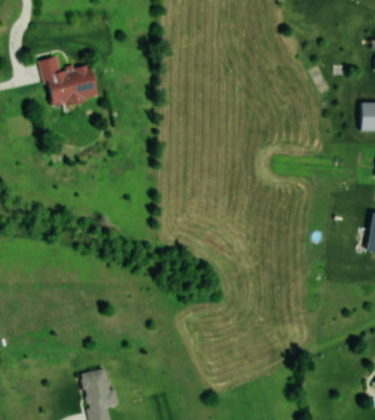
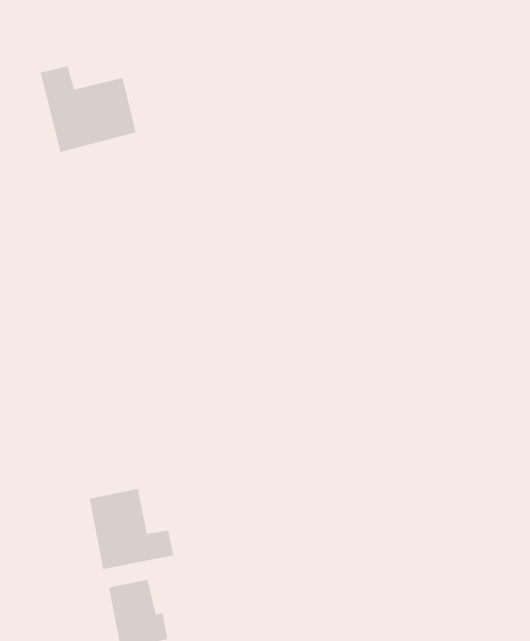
building: none -> [89,488,174,570]

